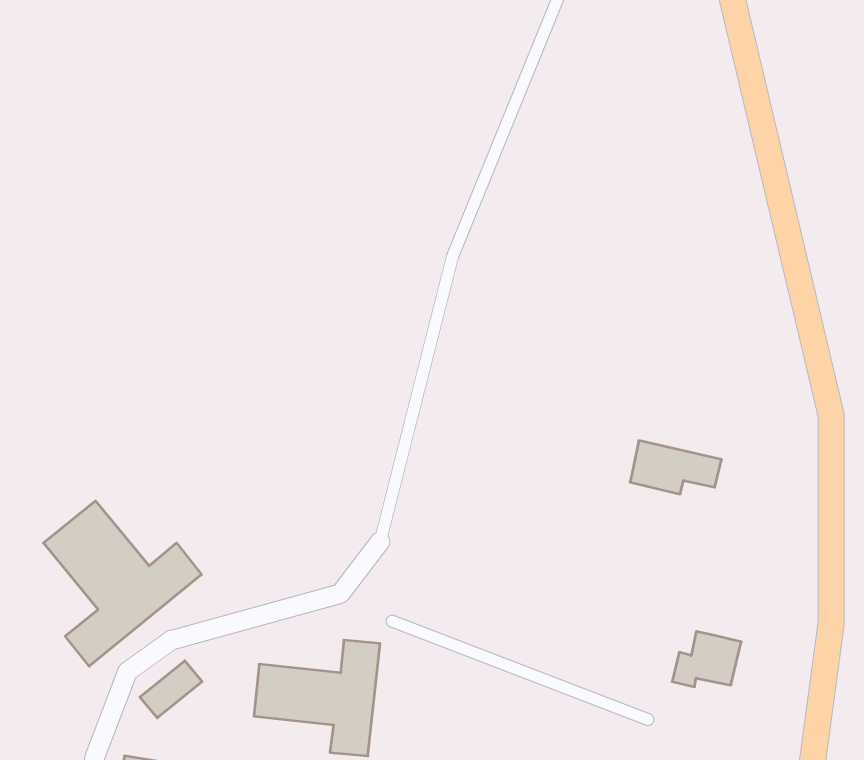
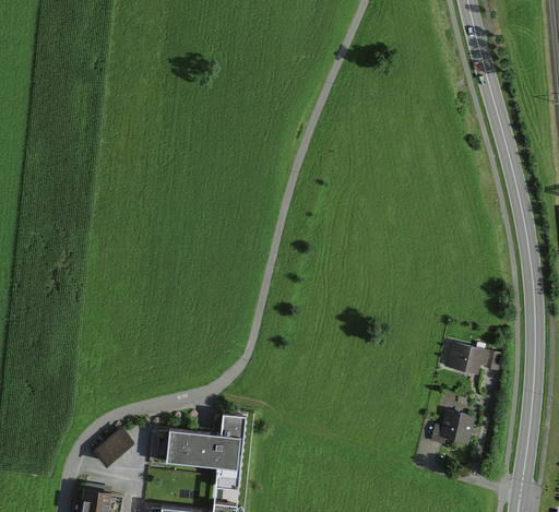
building: [630,441,722,494] -> [444,341,502,374]
building: [43,501,201,666] -> none

